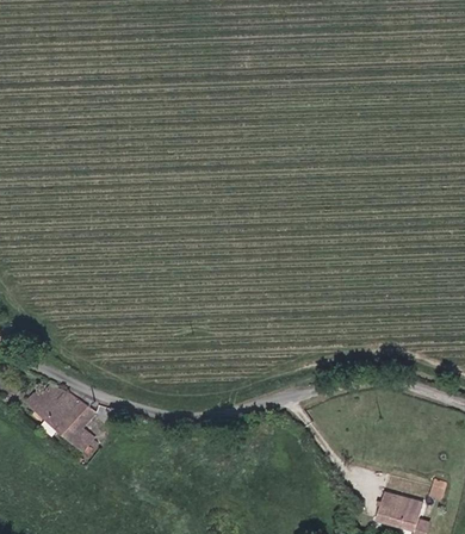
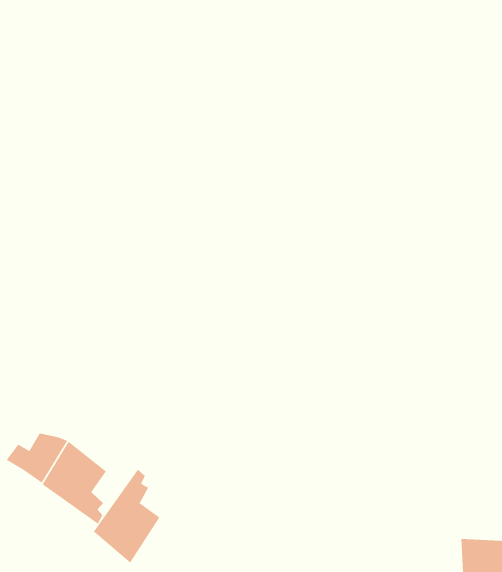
building: none -> [93,469,160,563]

